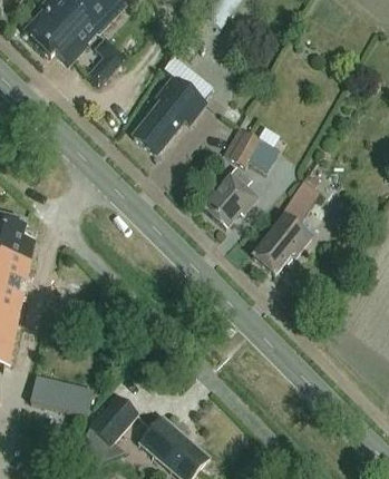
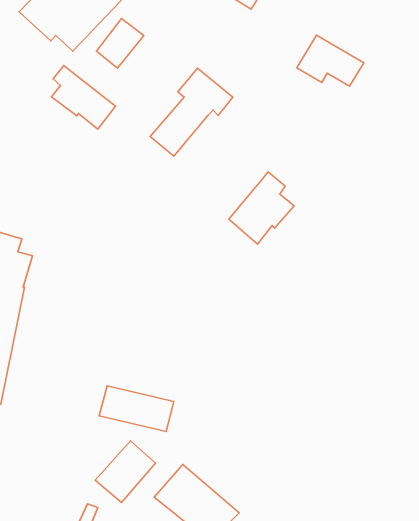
building: none -> [51,65,115,129]
building: [223,127,280,170] -> [297,35,364,86]
building: [252,180,321,275] -> none
building: [30,377,94,416] -> [99,386,174,432]

